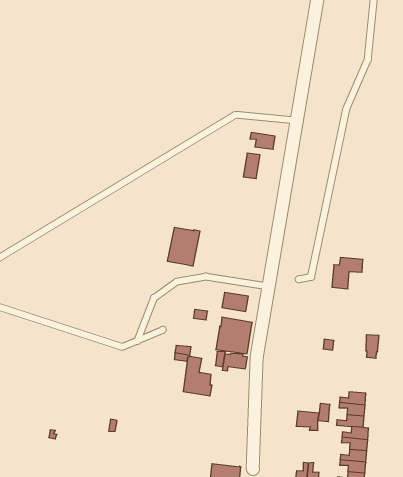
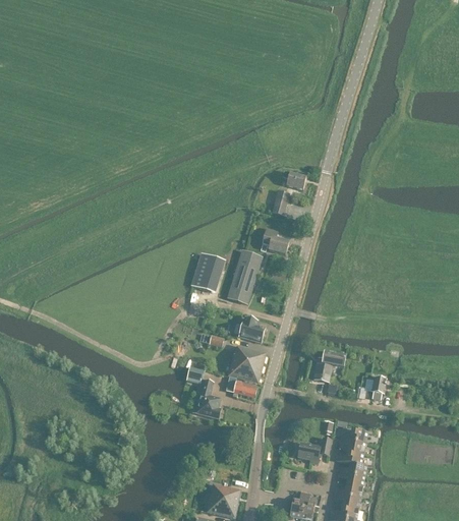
building: none -> [262,228,289,254]
building: none -> [228,250,262,303]
building: [332,258,363,289] -> [313,351,346,382]

